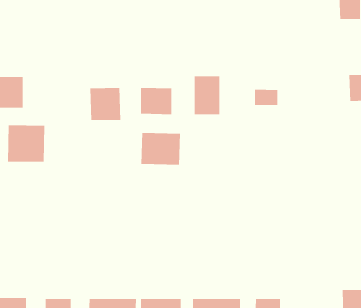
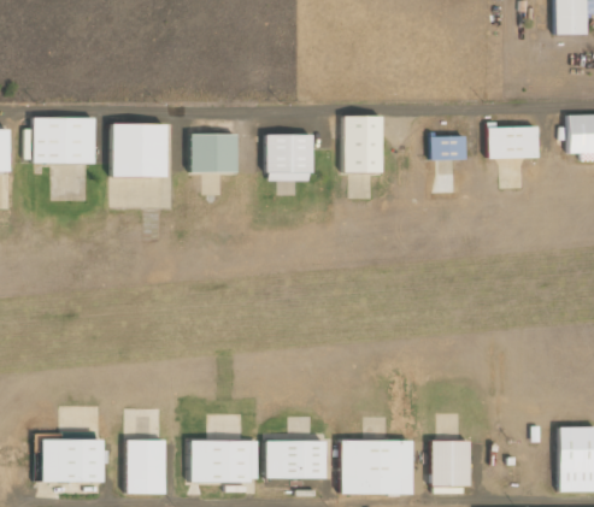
building: none -> [488,125,539,158]
building: [7,125,45,162] -> [111,122,166,176]
building: [141,132,180,165] -> none

